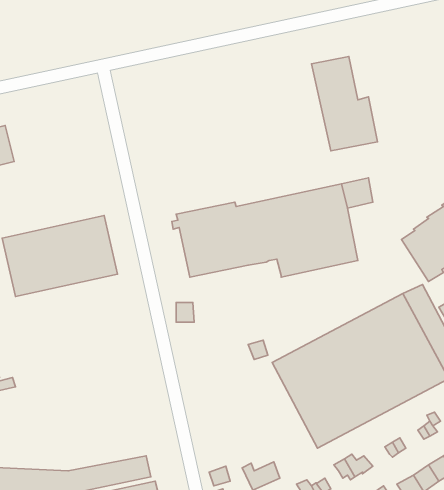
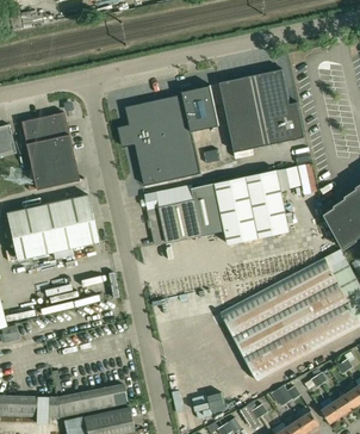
building: none -> [221,75,268,151]
building: none -> [126,85,219,186]
building: none -> [21,112,79,190]

